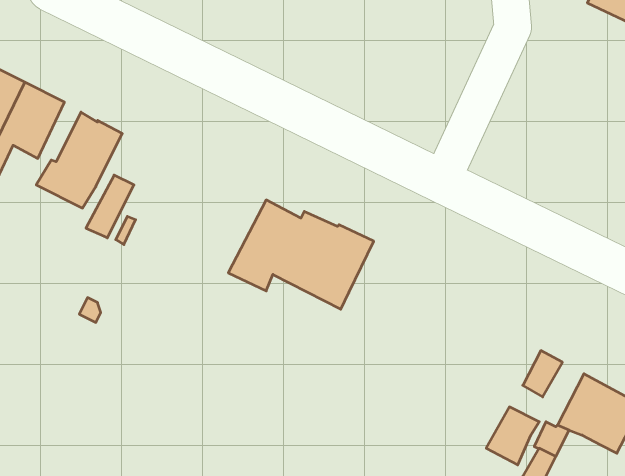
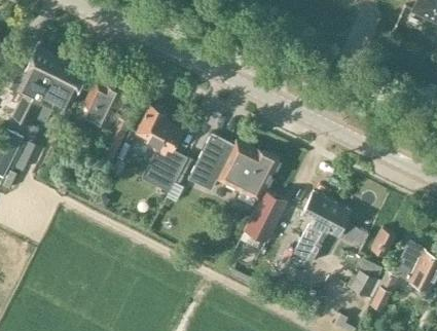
building: none -> [136,105,188,192]
building: none -> [240,191,285,251]
building: none -> [293,193,368,263]

